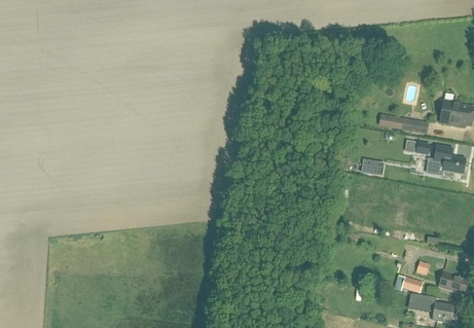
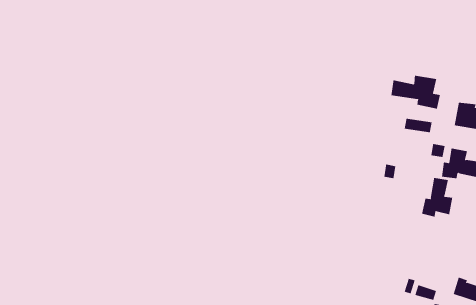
building: none -> [391,75,441,109]
building: none -> [421,177,453,217]

